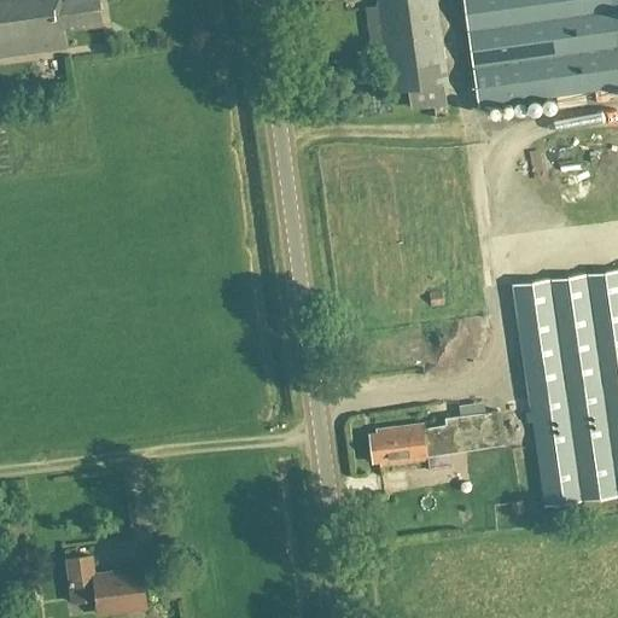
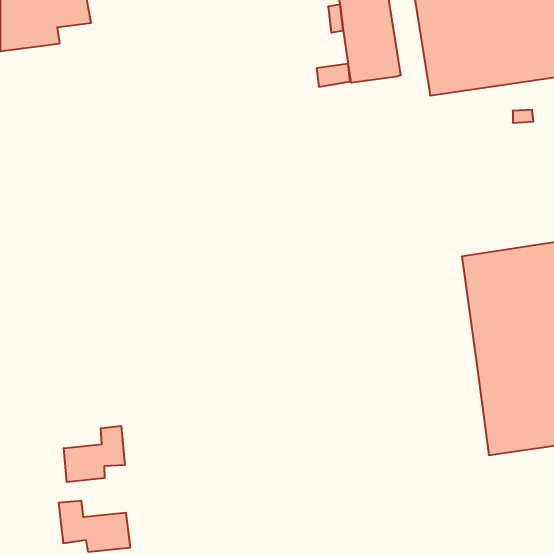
building: [408,84,445,110] -> [317,64,350,87]
building: [369,410,503,467] -> none
building: none -> [64,426,125,482]

